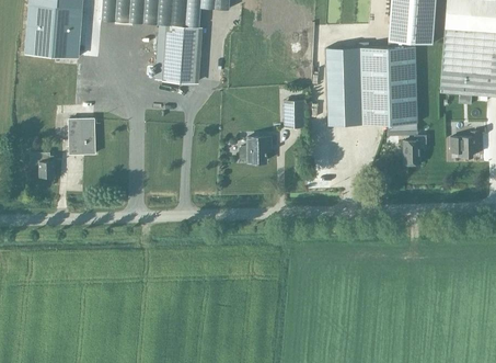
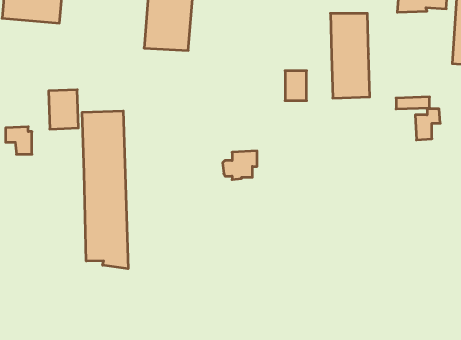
building: [361,45,418,124] -> none
building: [240,136,272,162] -> [223,151,257,180]
building: none -> [82,111,128,269]

